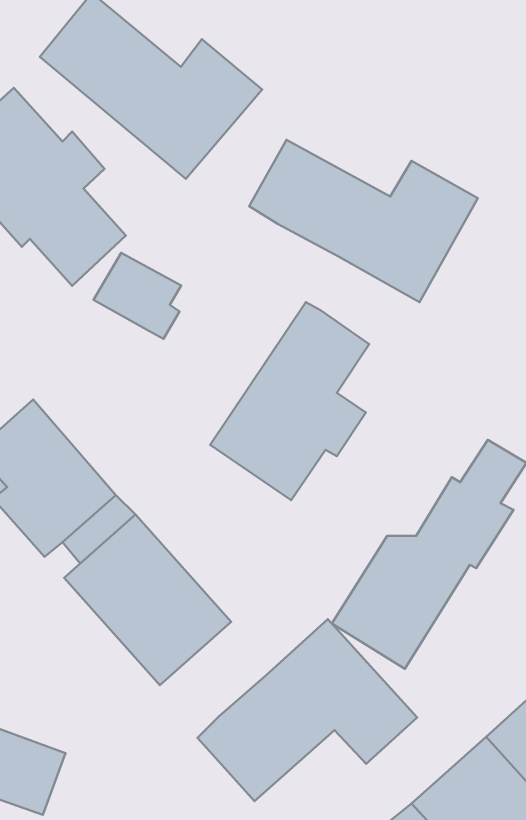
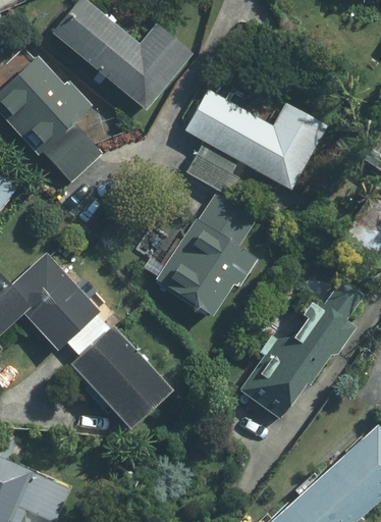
building: [94,253,181,339] -> [185,142,240,196]
building: [197,619,417,801] -> none

